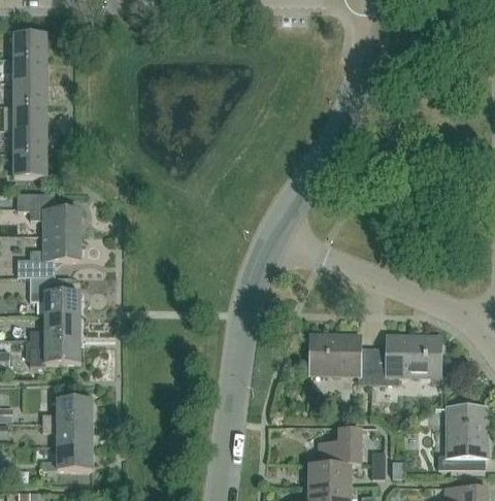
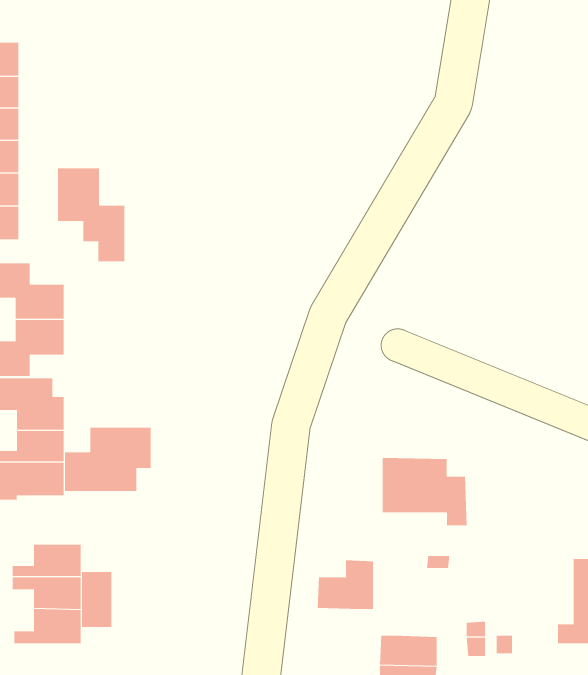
building: none -> [57,167,125,262]
building: none -> [65,427,151,492]
building: [370,335,438,383] -> none
building: none -> [82,571,112,628]
building: [318,428,359,464] -> [317,560,374,610]

